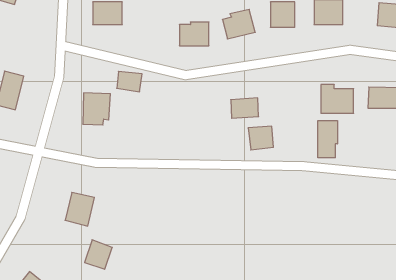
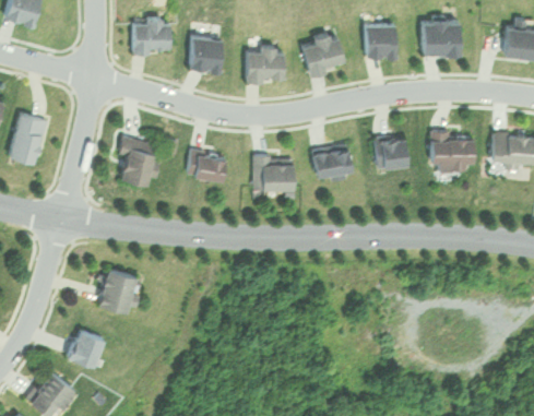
building: none -> [192,40,223,74]
building: [117,71,142,92] -> [193,155,226,181]
building: none -> [261,158,293,190]
building: [318,121,337,158] -> none
building: [248,126,273,150] -> [375,136,407,167]
building: [85,240,112,269] -> [68,330,104,368]

